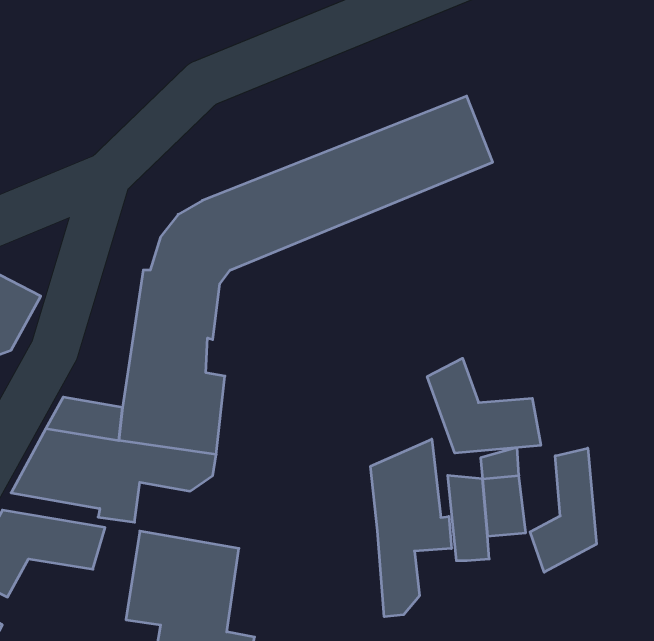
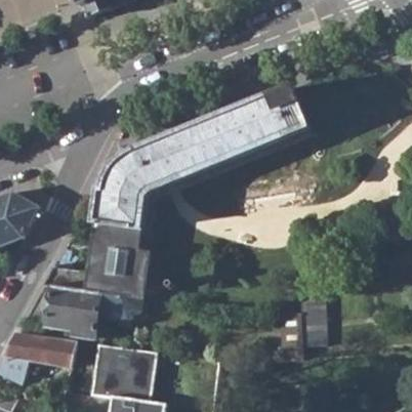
building: [427,358,541,453] -> none
building: [371,439,451,617] -> none
building: [530,448,596,572] -> none

